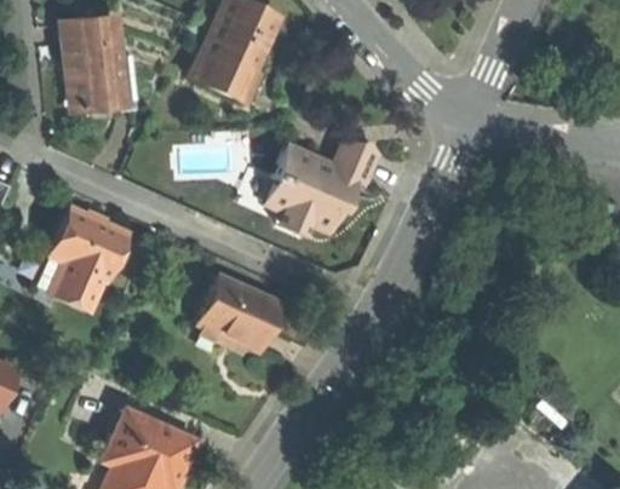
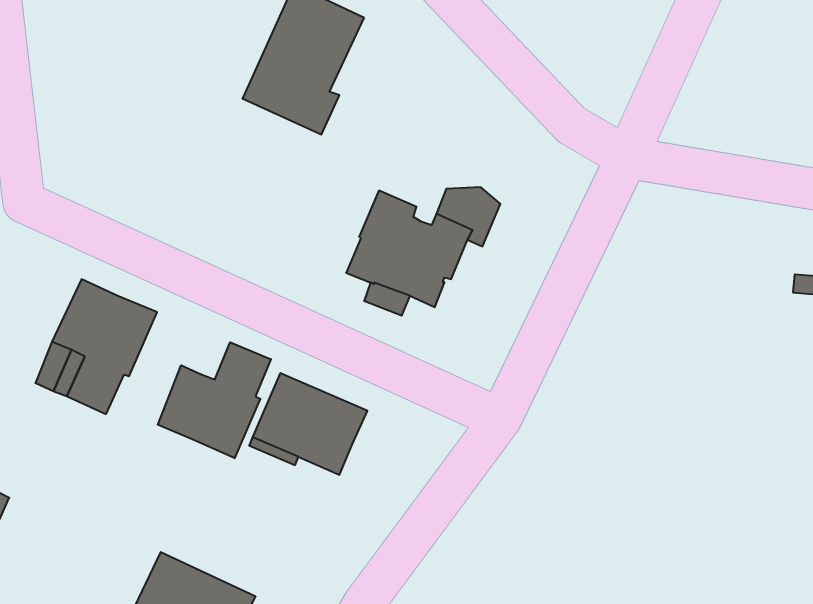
building: [63,16,137,116] -> none
building: none -> [158,342,271,458]

